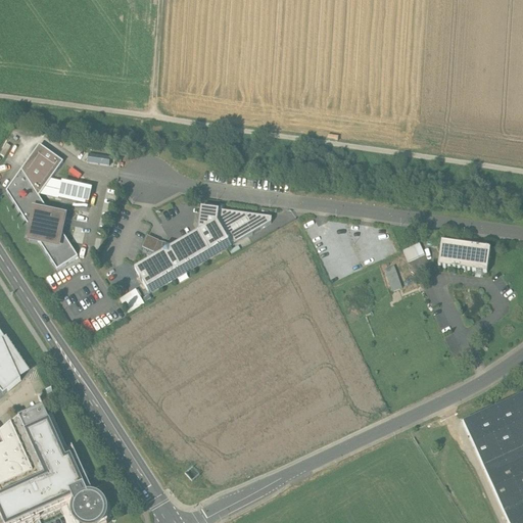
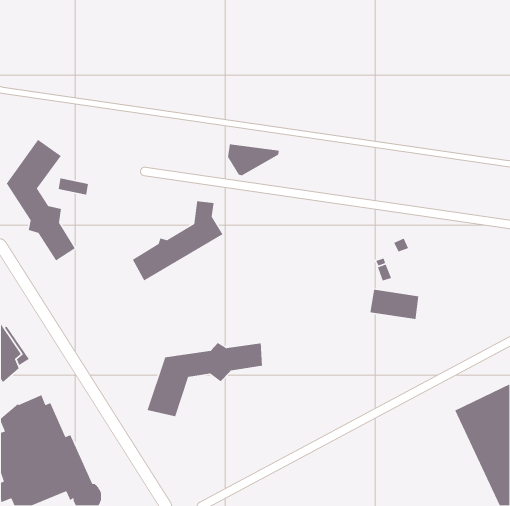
building: [218,207,272,241] -> [227,143,280,176]
building: [438,239,489,271] -> [369,289,419,320]
building: none -> [147,342,263,417]

